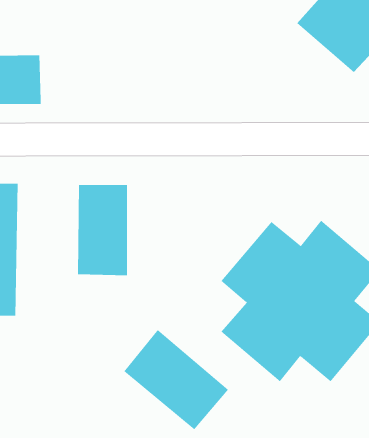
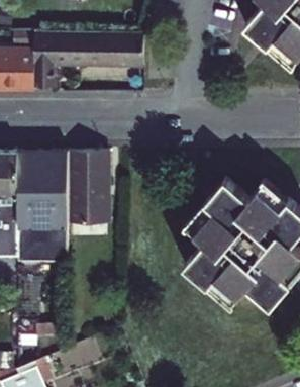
building: none -> [37,33,142,86]
building: none -> [18,152,68,262]
building: [123,329,229,430] -> none

